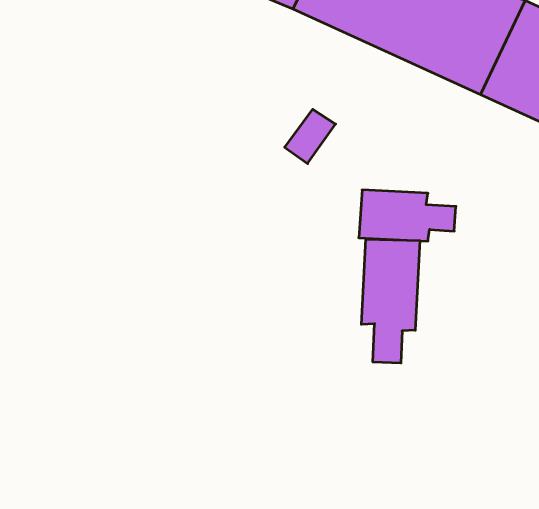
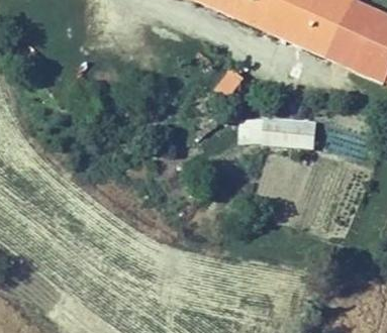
building: [361,239,420,363] -> none

